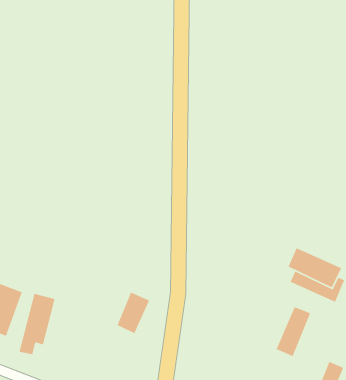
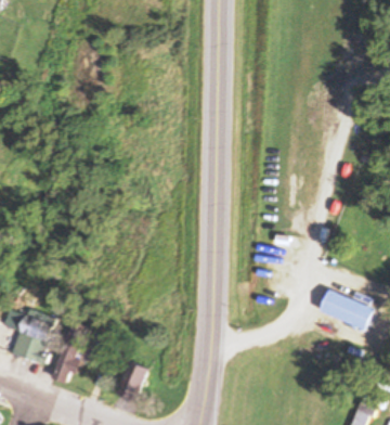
building: [116,292,150,334] -> [114,361,147,403]
building: [275,306,311,357] -> none

